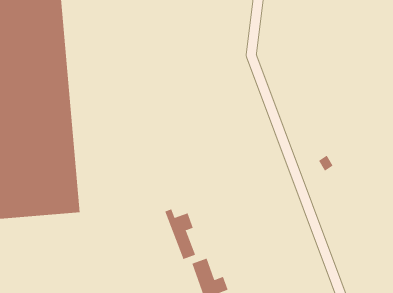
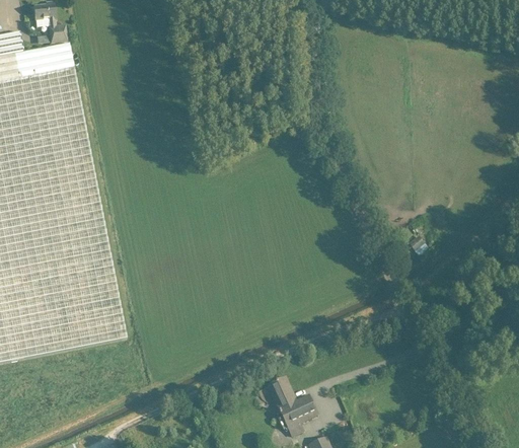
building: [164,209,196,260] -> none

